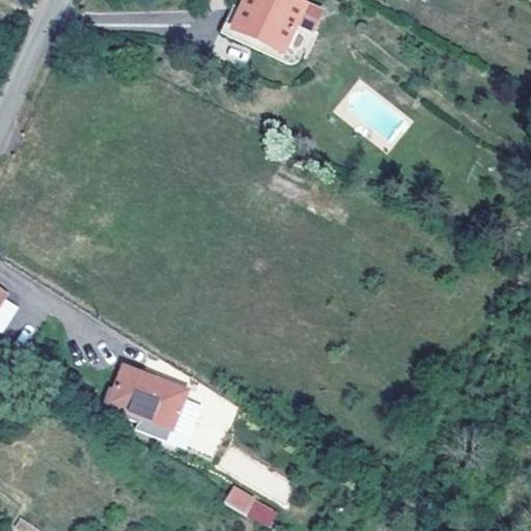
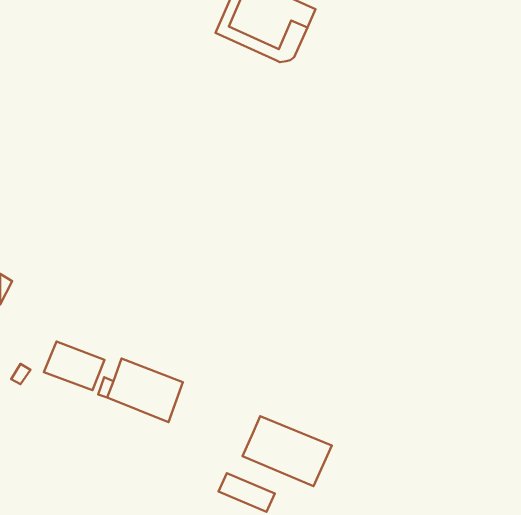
building: none -> [44,341,105,390]
building: none -> [242,416,332,486]

